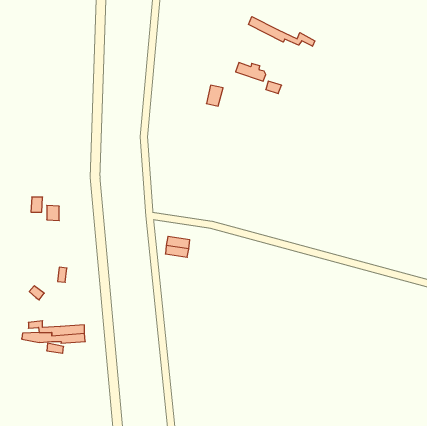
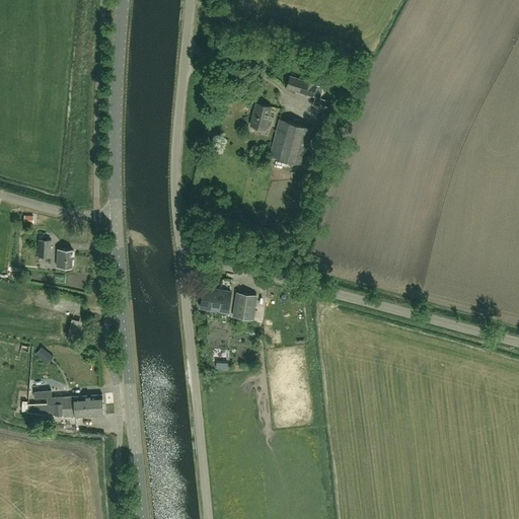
building: [248,17,315,46] -> none
building: none -> [270,120,314,165]
building: none -> [233,293,256,320]

